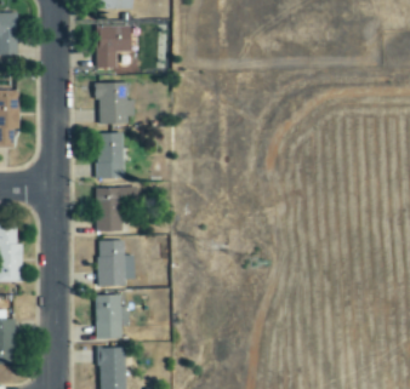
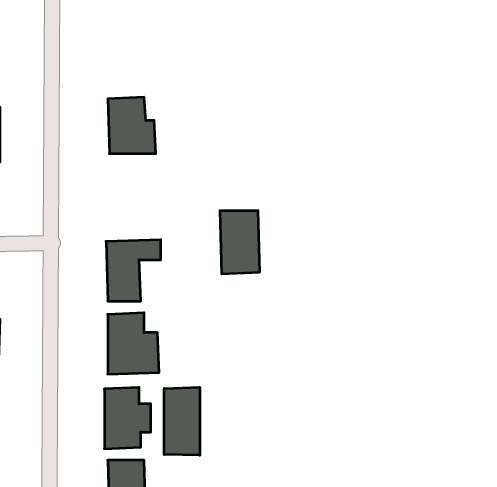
building: [95,25,131,68] -> none
building: [96,133,125,179] -> [220,211,260,274]
building: none -> [164,387,200,455]

